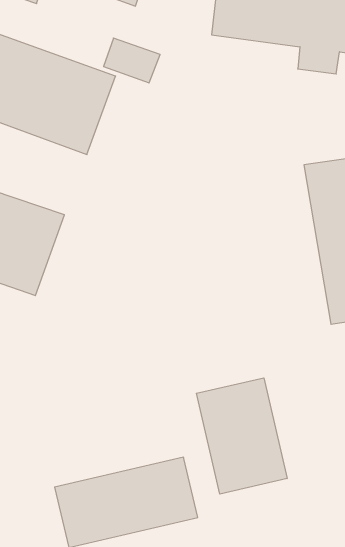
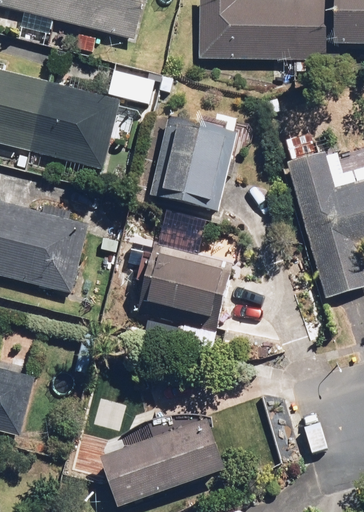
building: none -> [146,109,234,208]
building: none -> [135,243,233,331]
building: [196,378,287,494] -> none

